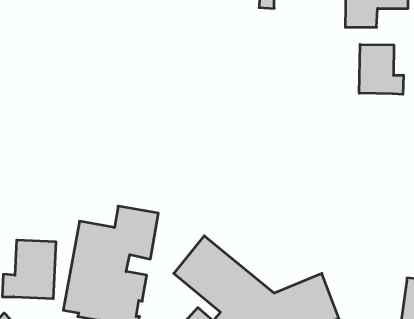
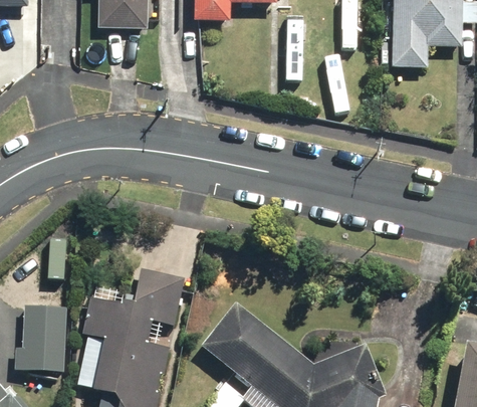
building: [359,44,403,94] -> none

